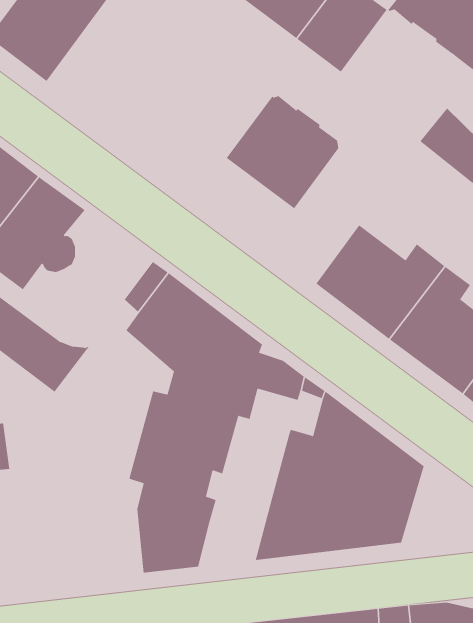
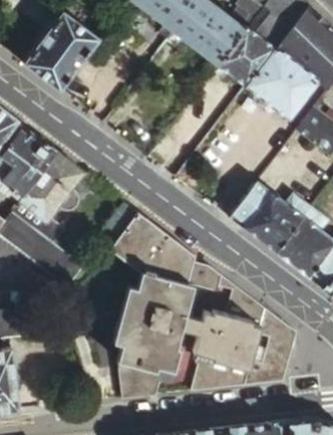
building: [226,96,339,209] -> [247,47,318,119]
building: none -> [162,302,214,371]

